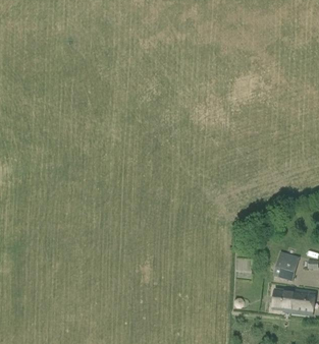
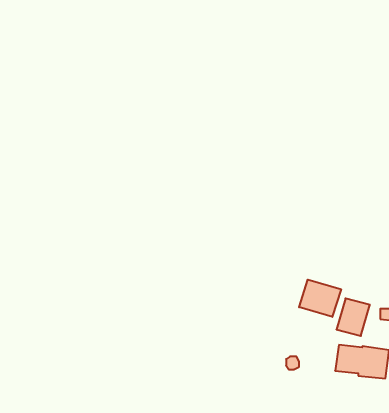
building: none -> [299,280,341,317]

